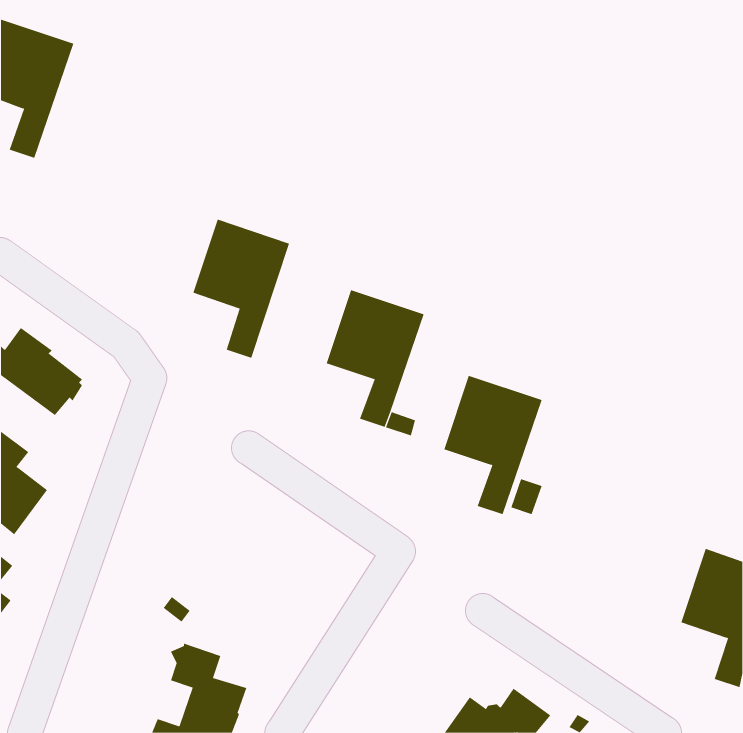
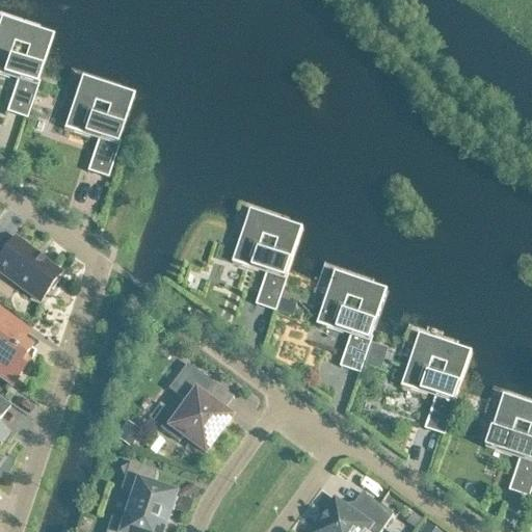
building: [192,219,290,358] -> [63,73,133,172]
building: none -> [401,330,472,430]
building: none -> [162,361,232,449]

